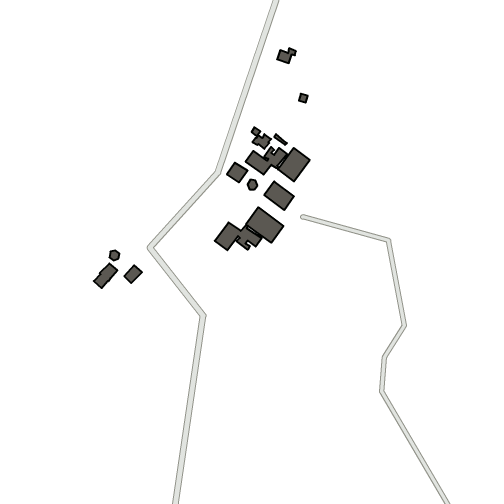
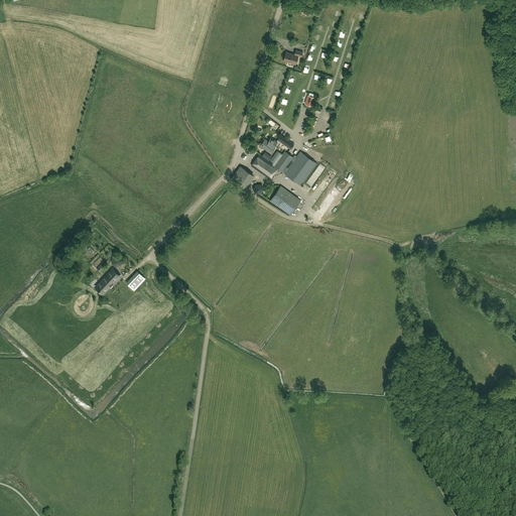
building: [215,207,283,250] -> none

